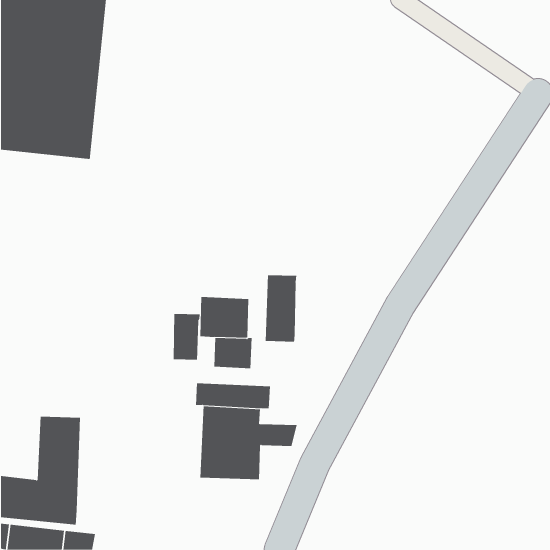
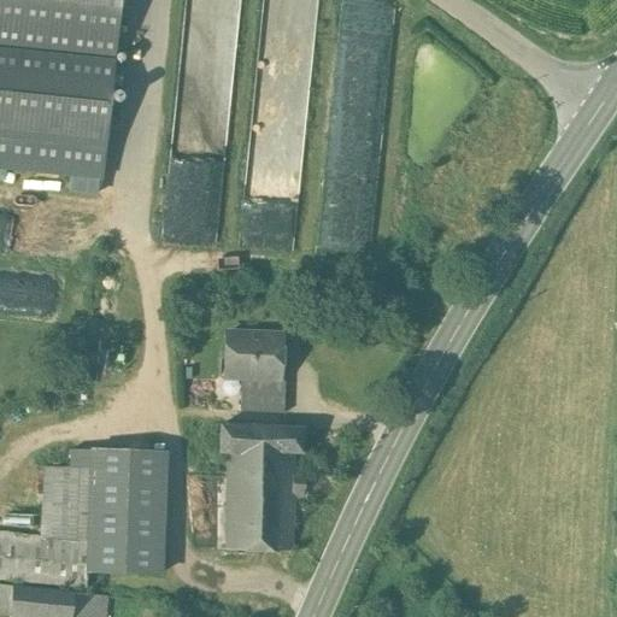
building: [265,274,297,342] -> none
building: [173,313,200,360] -> none
building: none -> [88,449,165,572]

